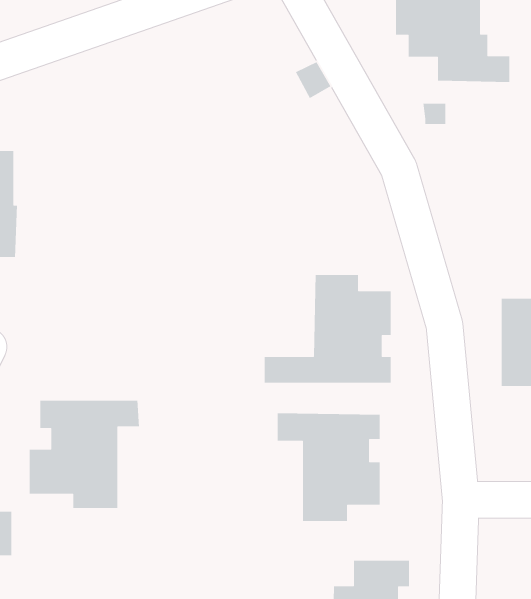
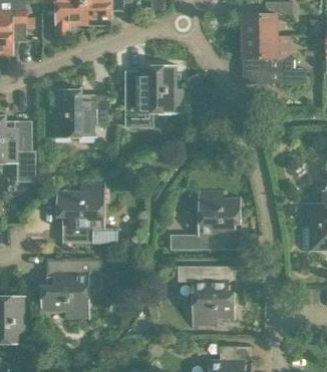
building: none -> [125,65,185,125]
building: none -> [49,89,108,137]
building: none -> [57,183,118,243]

